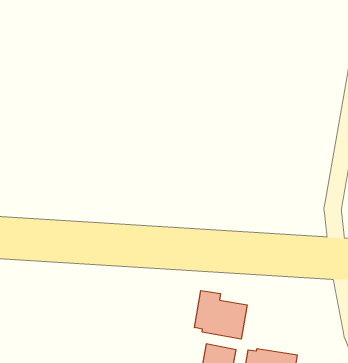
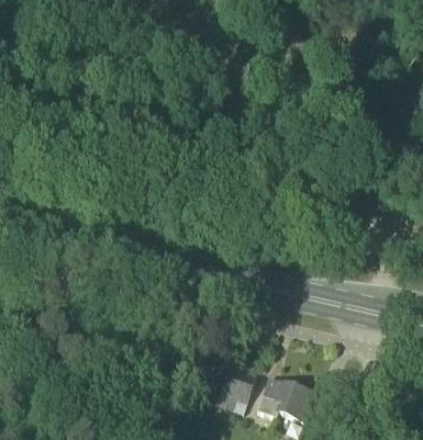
building: [195,291,247,339] -> none

